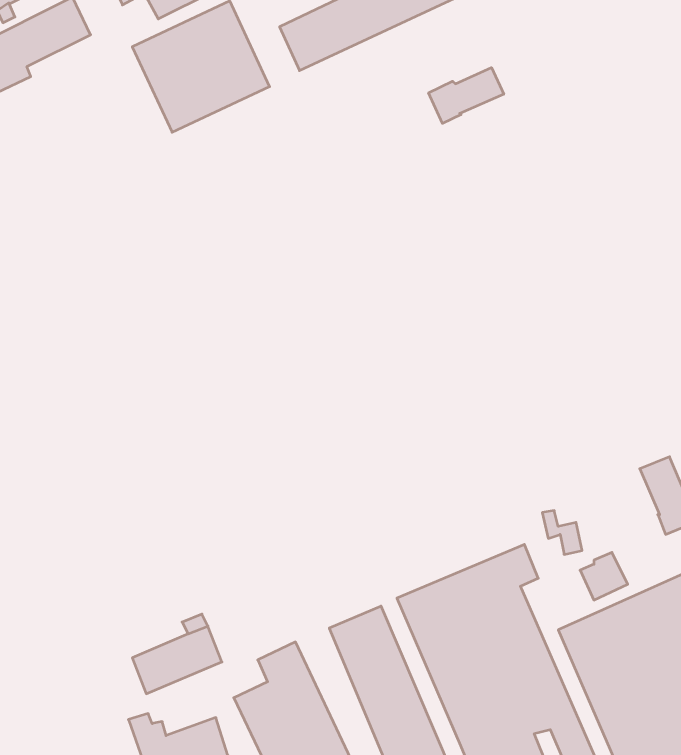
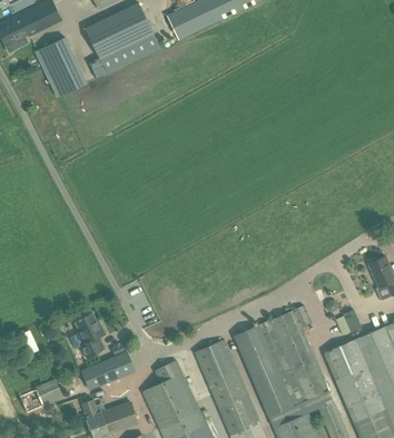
building: none -> [37,38,87,97]
building: [429,68,504,123] -> none
building: none -> [75,312,105,356]
building: none -> [35,381,63,408]

